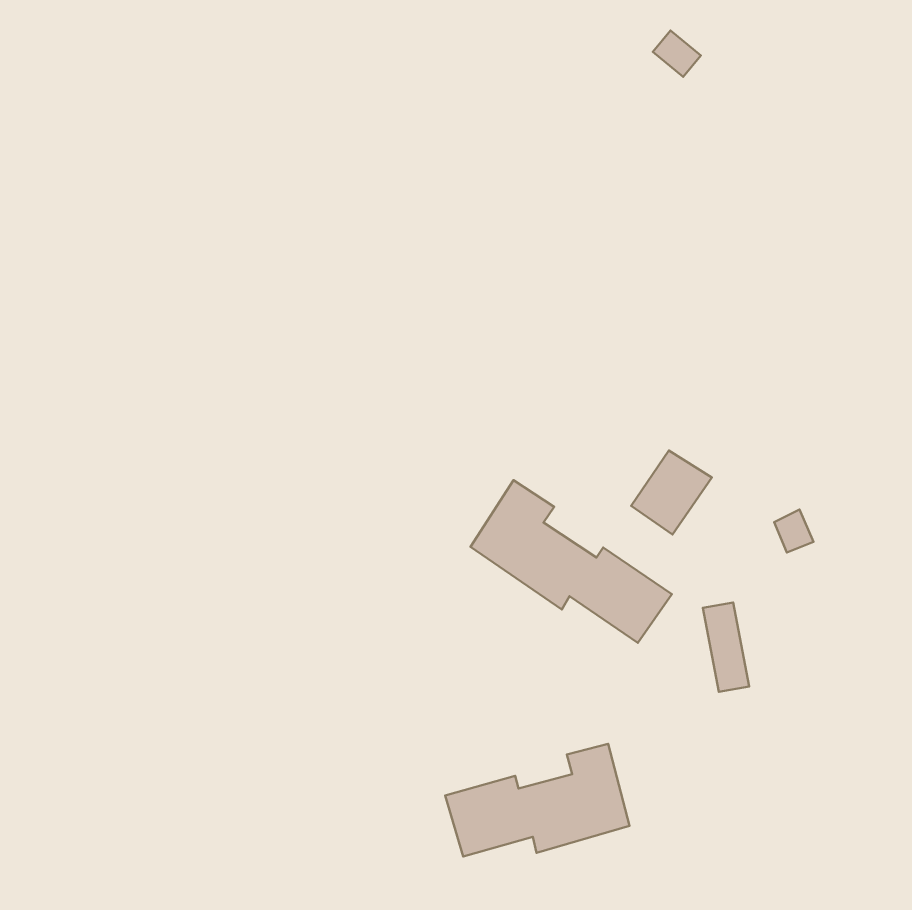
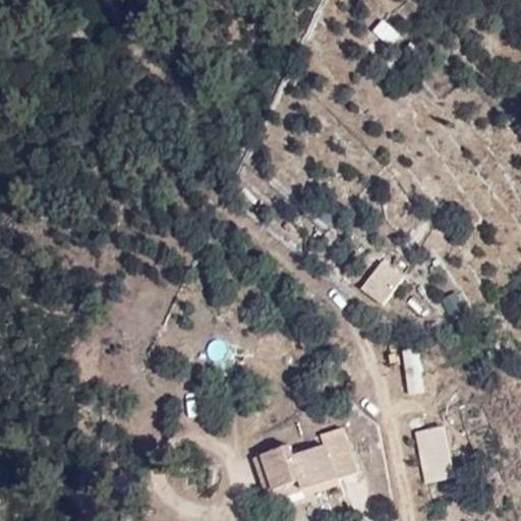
building: [471,480,672,643] -> none
building: none -> [412,425,453,483]

